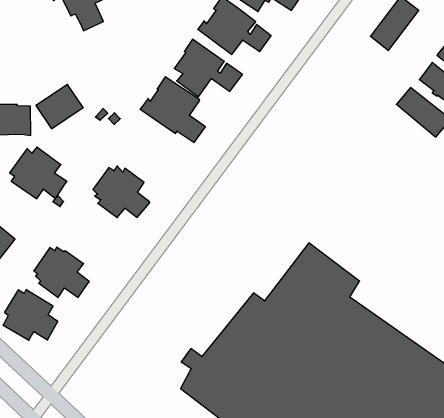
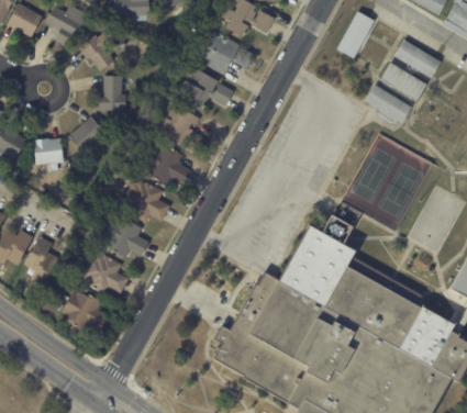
building: none -> [96,77,126,113]
building: none -> [142,143,190,186]
building: [10,147,67,199] -> [101,215,149,258]

